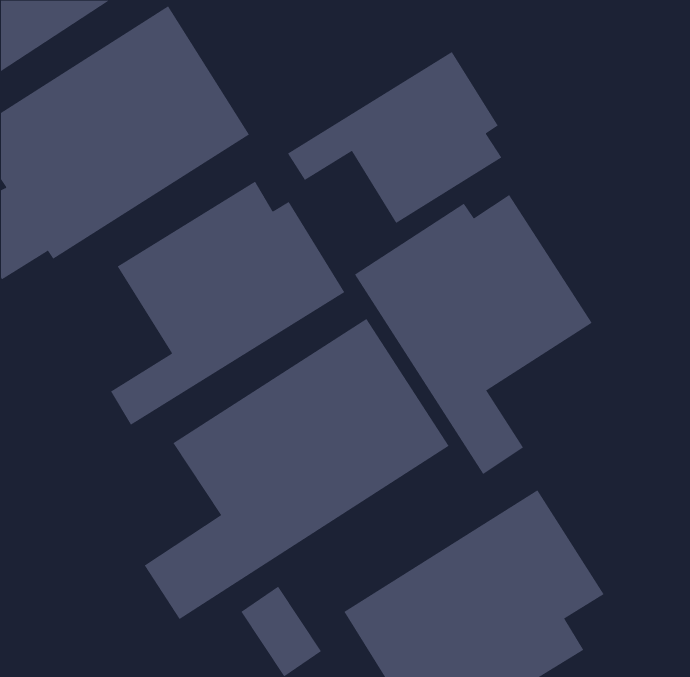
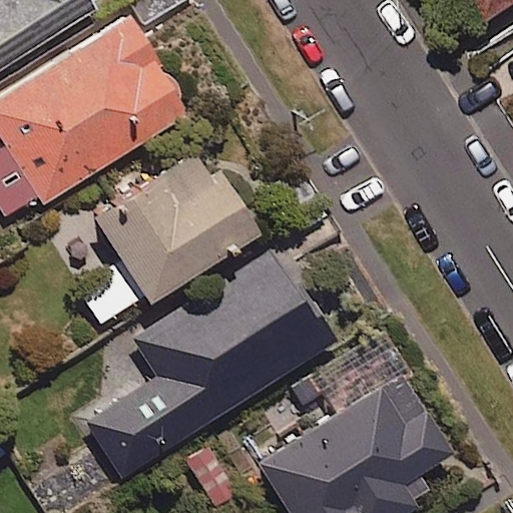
building: [287,51,502,224] -> none
building: [354,194,593,475] -> none

